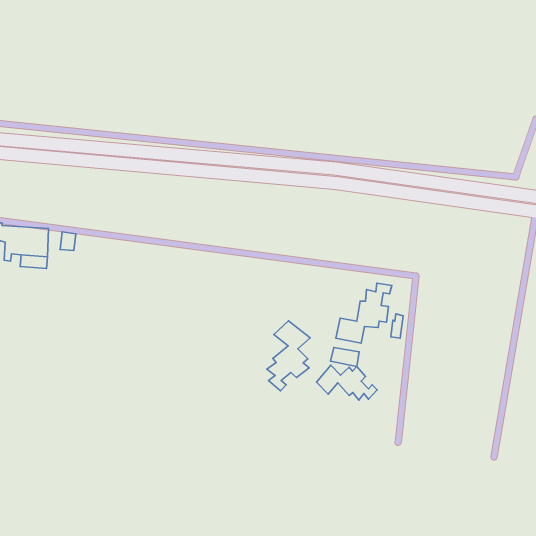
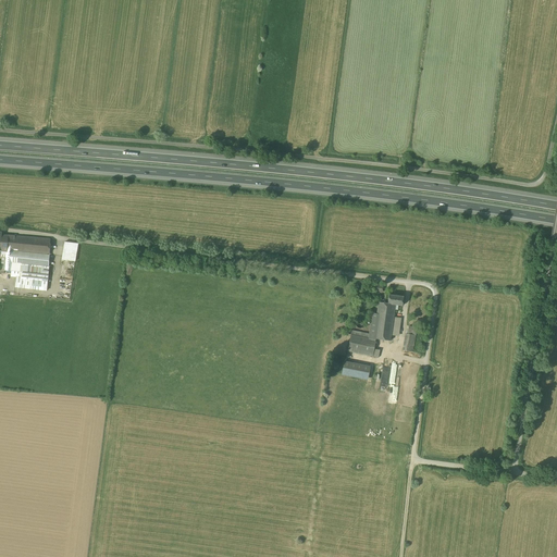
building: [267,321,310,391] -> none
building: [316,365,377,400] -> none

